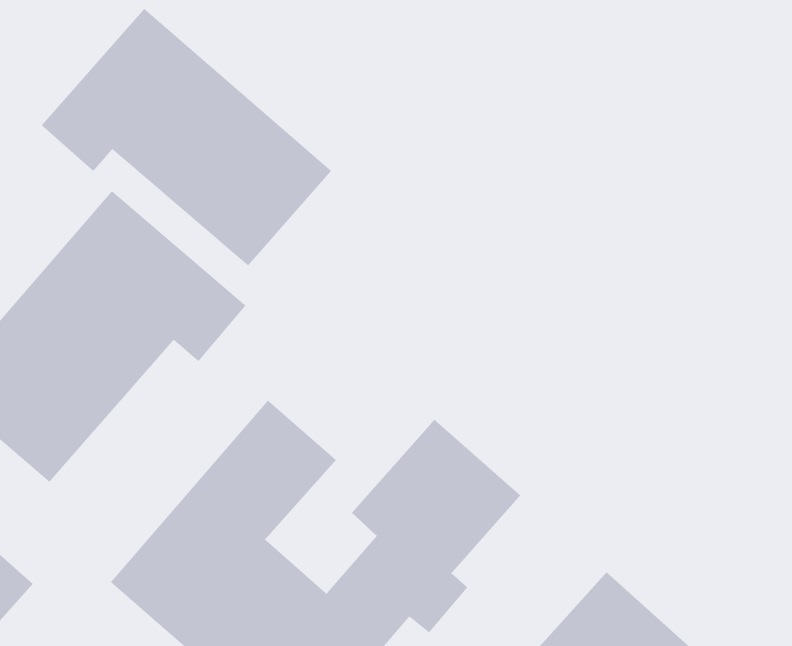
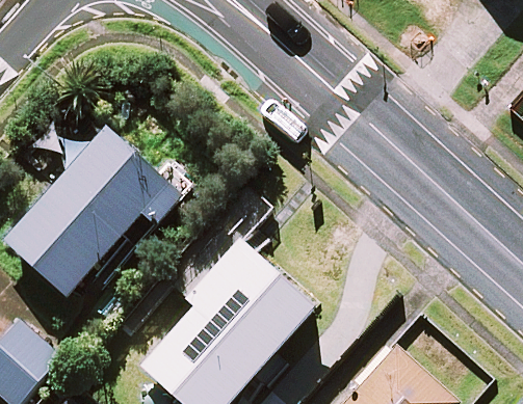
building: [41,8,332,267] -> none

